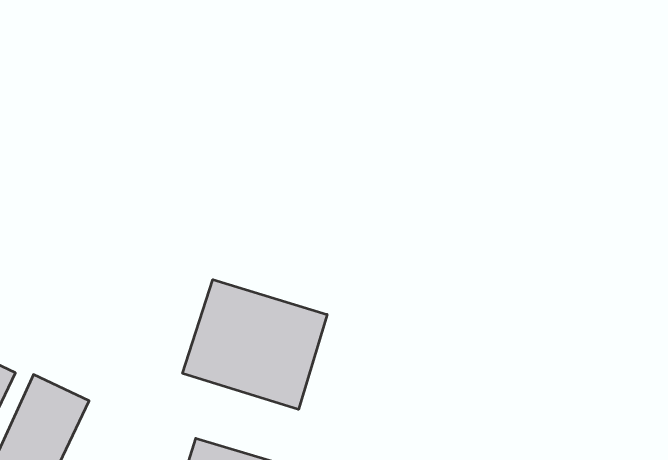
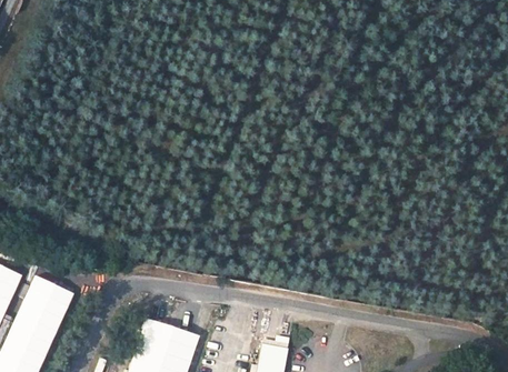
building: [183,280,327,409] -> none

